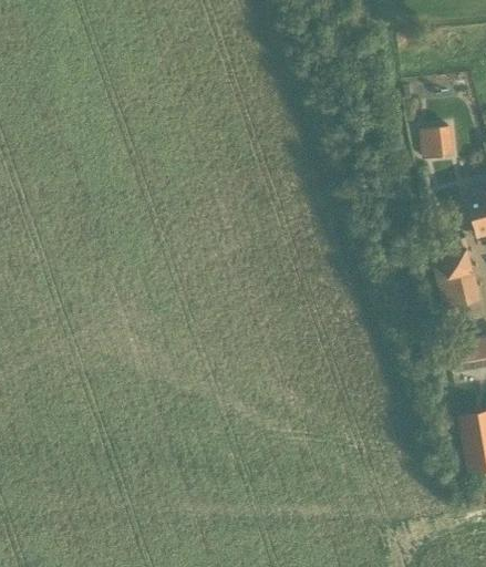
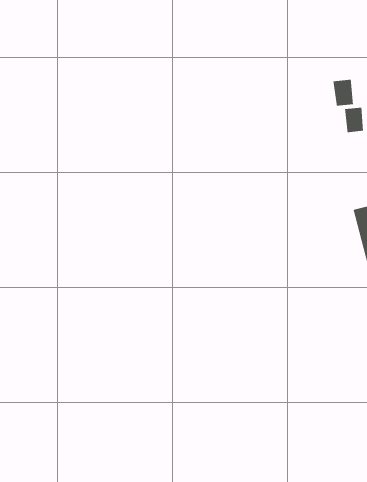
building: none -> [333,79,354,107]

